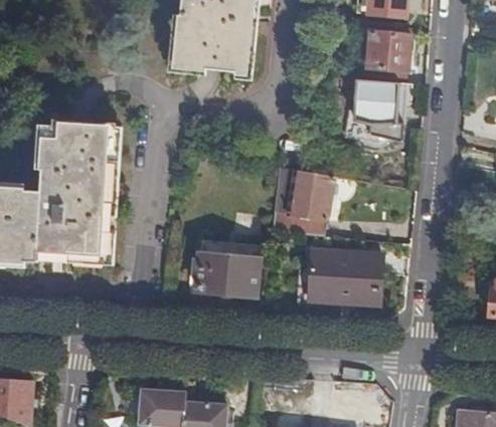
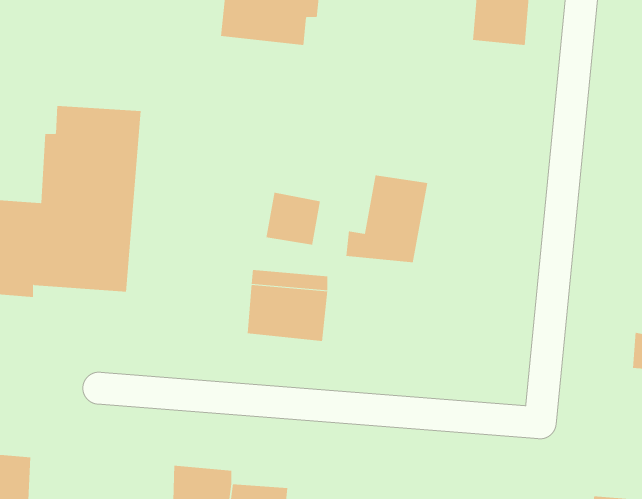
building: [350,80,403,143] -> none
building: none -> [266,192,321,245]
building: [309,251,381,302] -> none

